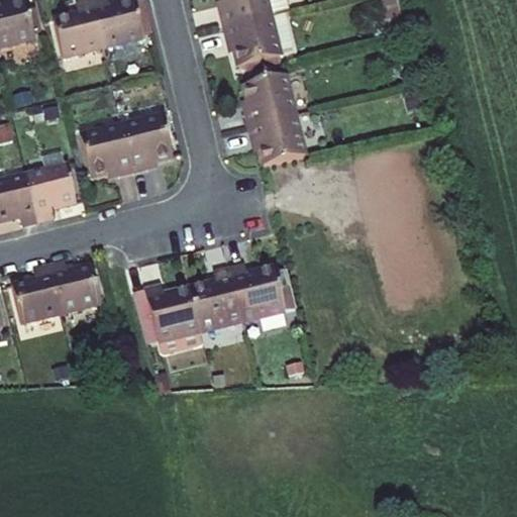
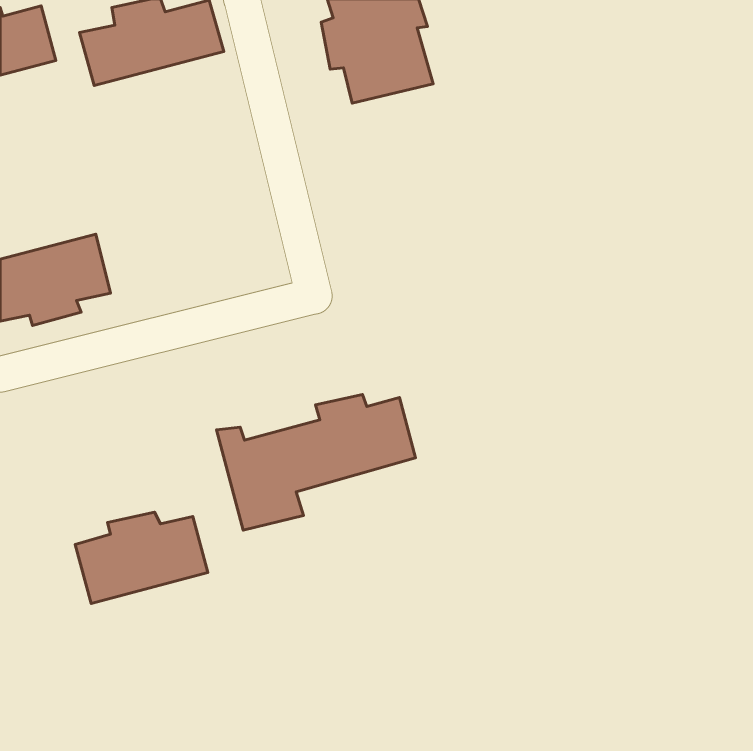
building: [236,82,303,174] -> none
building: [79,109,173,175] -> none
building: [9,261,100,323] -> [75,512,208,603]

